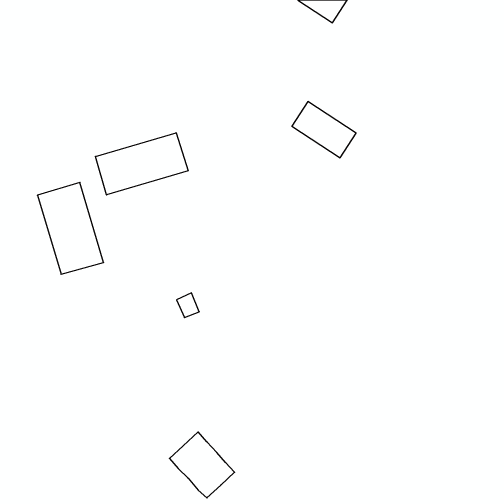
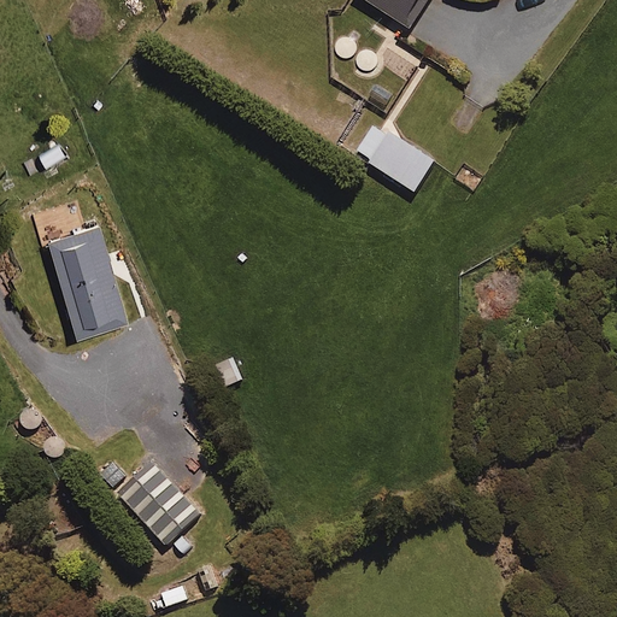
building: [95,133,188,195] -> none
building: [169,432,235,498] -> [123,466,202,547]

